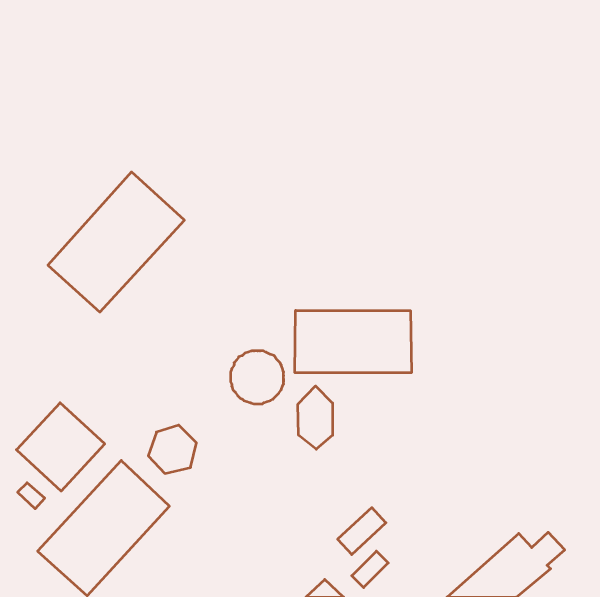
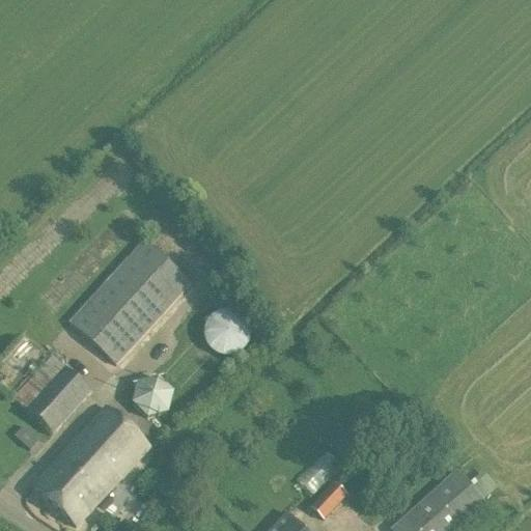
building: [48,172,184,312] -> [72,239,192,362]
building: [295,310,411,373] -> none
building: [298,386,333,449] -> none

